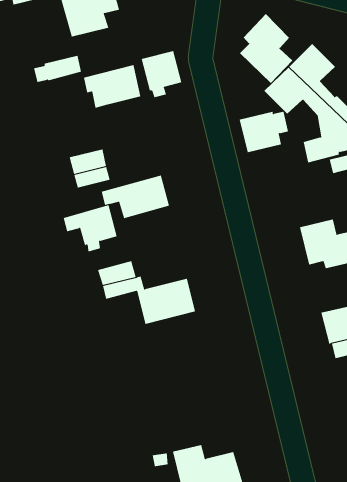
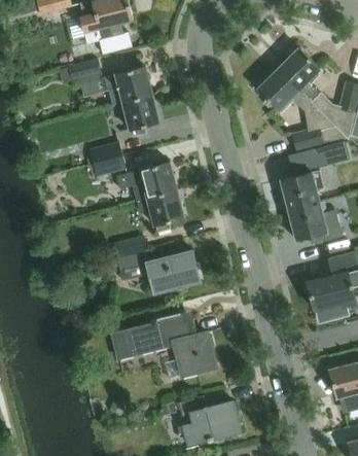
building: [239,13,293,84] -> none
building: [141,50,182,98] -> [122,95,158,136]
building: [239,111,289,153] -> [281,172,324,208]
building: [63,205,118,252] -> [136,189,183,231]
building: none -> [112,317,217,377]

